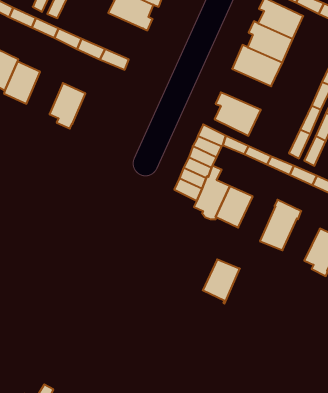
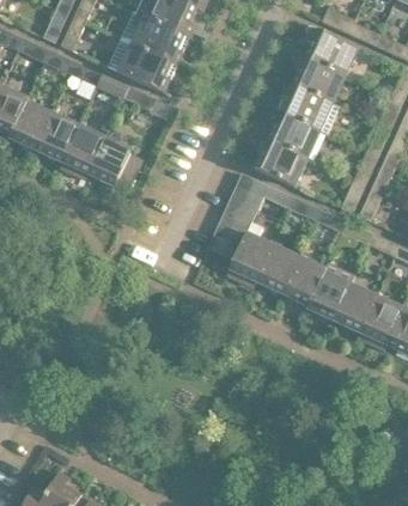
building: none -> [109,39,176,92]
building: none -> [267,109,319,157]
building: none -> [36,112,78,161]
building: none -> [89,138,142,187]
building: none -> [333,282,376,331]
building: [203,259,240,304] -> [281,257,324,309]

